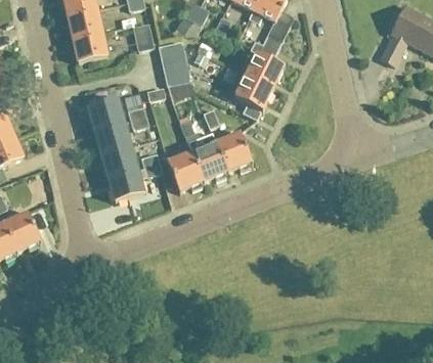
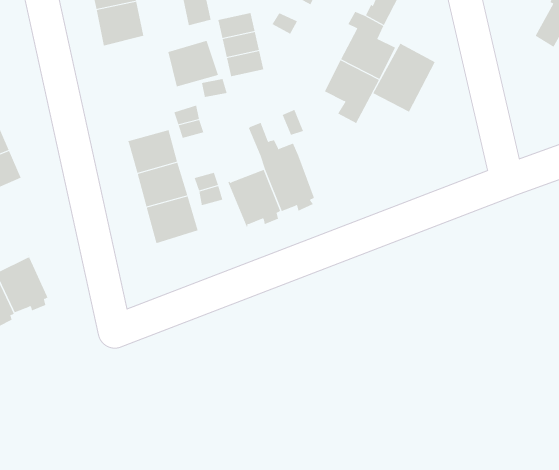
building: none -> [372,43,435,113]
building: [89,98,125,131] -> [168,40,219,87]
building: [216,130,252,172] -> none

